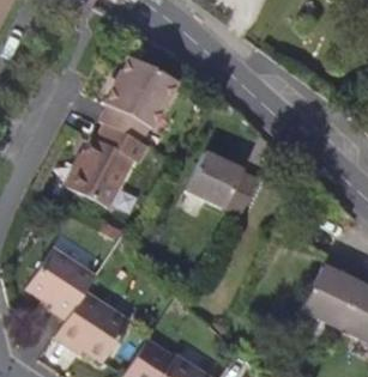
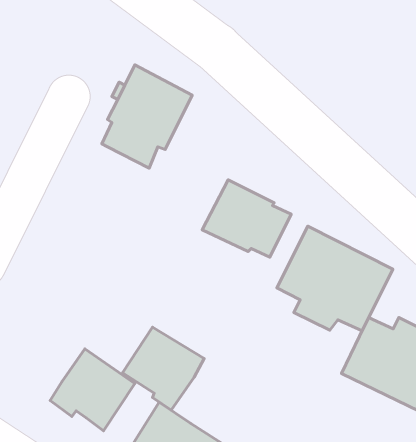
building: [66,123,145,206] -> none
building: none -> [277,226,393,331]
building: [25,250,93,320] -> [123,327,204,410]

